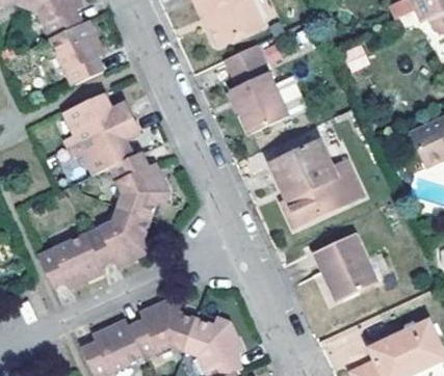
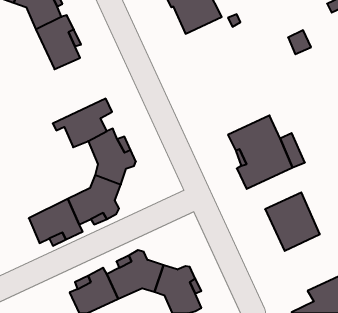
building: [228,44,291,133] -> none
building: [61,96,128,149] -> none

